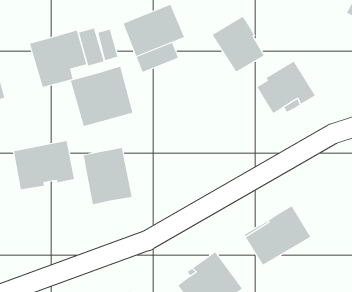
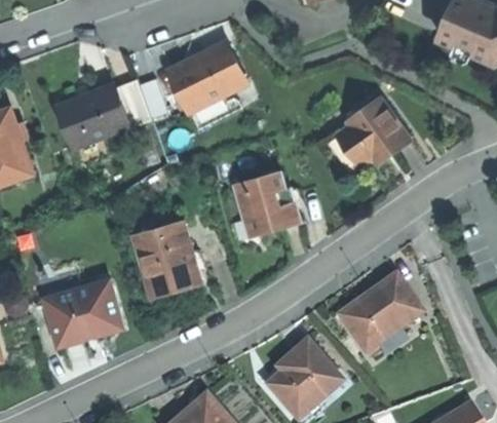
building: [212,16,265,73] -> none
building: [70,66,133,127] -> none
building: none -> [233,169,299,236]
building: [13,141,75,190] -> [42,279,120,344]

